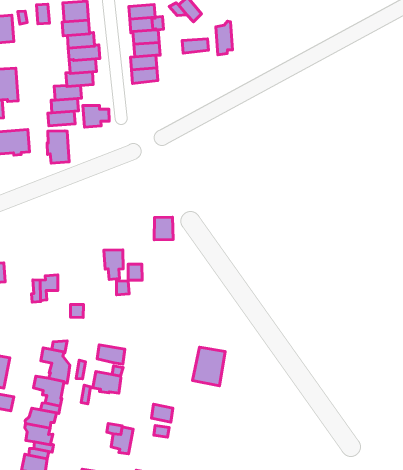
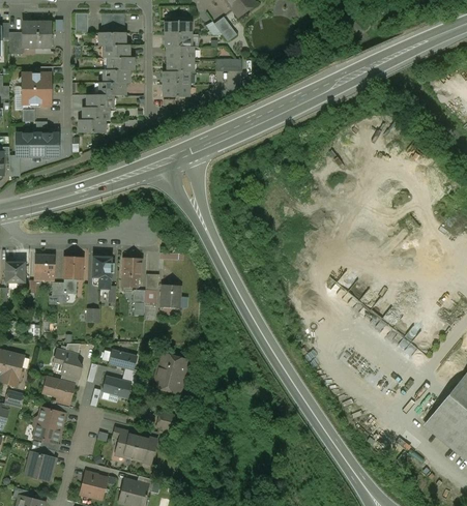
building: [216,21,233,55] -> none
building: [83,106,109,127] -> none
building: [47,131,69,163] -> none
building: [154,217,173,240] -> [160,285,180,307]
building: none -> [92,257,114,289]
building: none -> [64,256,83,279]
building: none -> [34,255,55,280]
building: [192,347,225,386] -> [153,354,187,393]
building: none -> [133,435,157,462]

